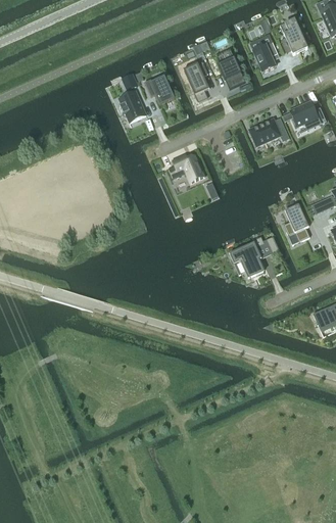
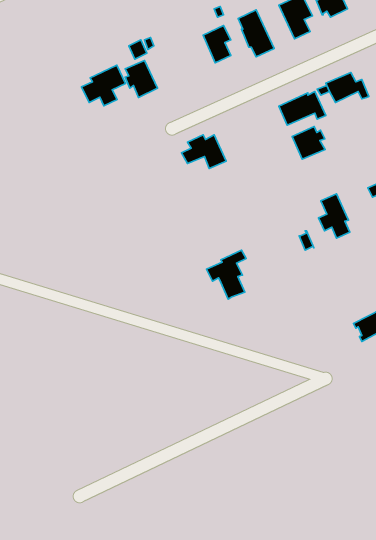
building: [144,76,175,105] -> none
building: none -> [82,65,126,106]
building: none -> [292,126,325,159]
building: [231,236,265,278] -> [207,250,246,299]

